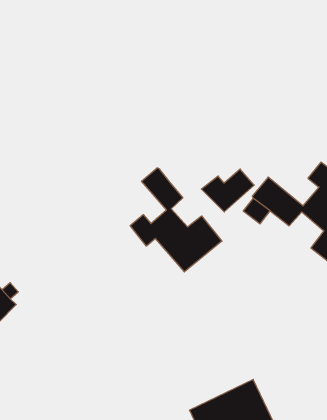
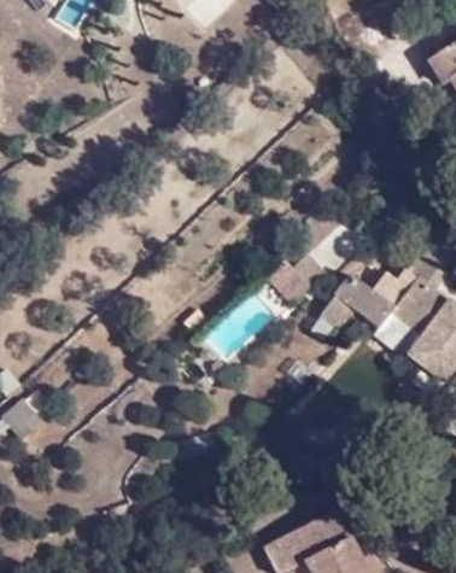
building: [130,168,222,272] -> none

